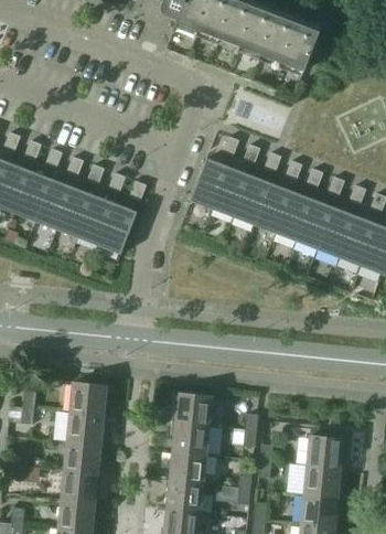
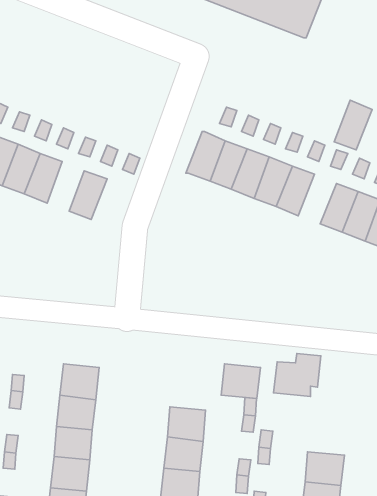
building: [57,189,93,236] -> none
building: [297,201,333,248] -> [334,100,372,150]
building: [99,205,136,253] -> none
building: [174,393,212,426] -> [221,364,260,399]
building: [305,428,351,469] -> [274,354,321,396]

